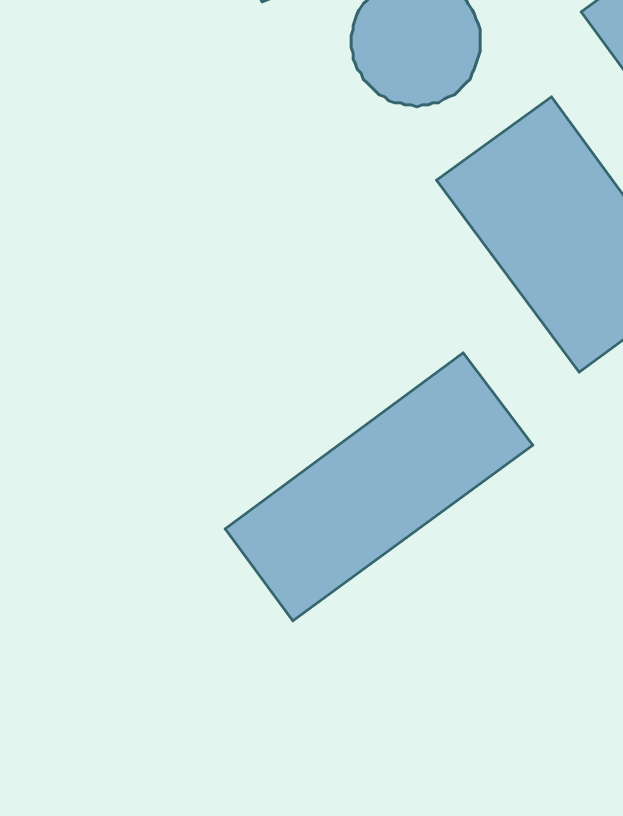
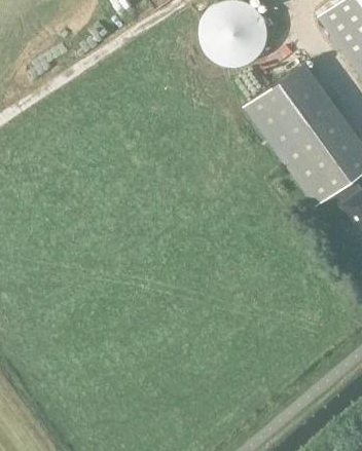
building: [225,353,533,621] -> none

